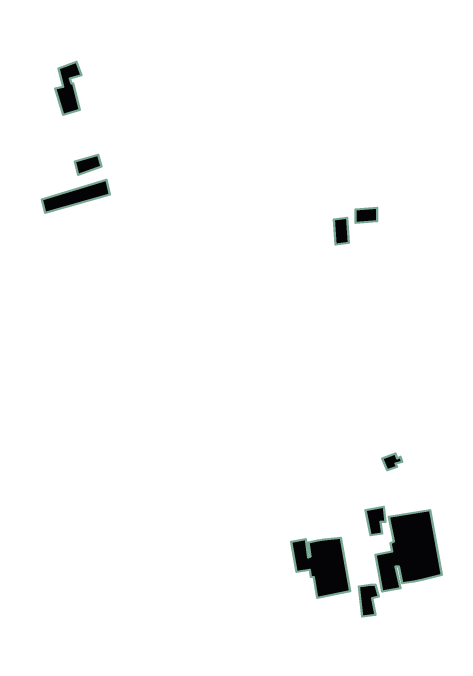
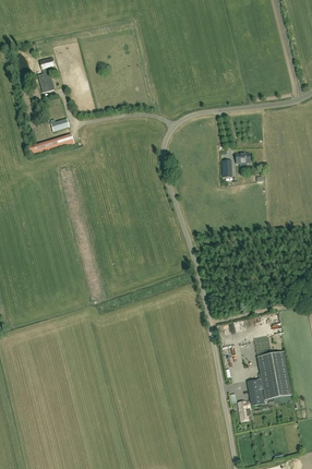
building: [291,538,350,598] -> none

